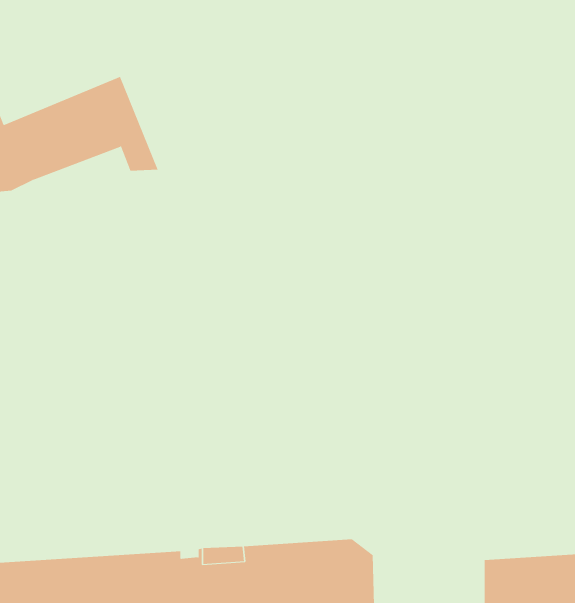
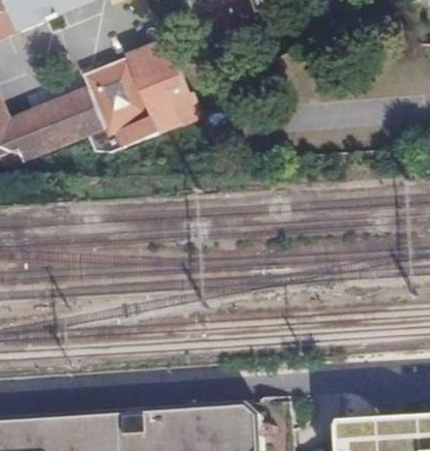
building: none -> [79,40,200,152]

